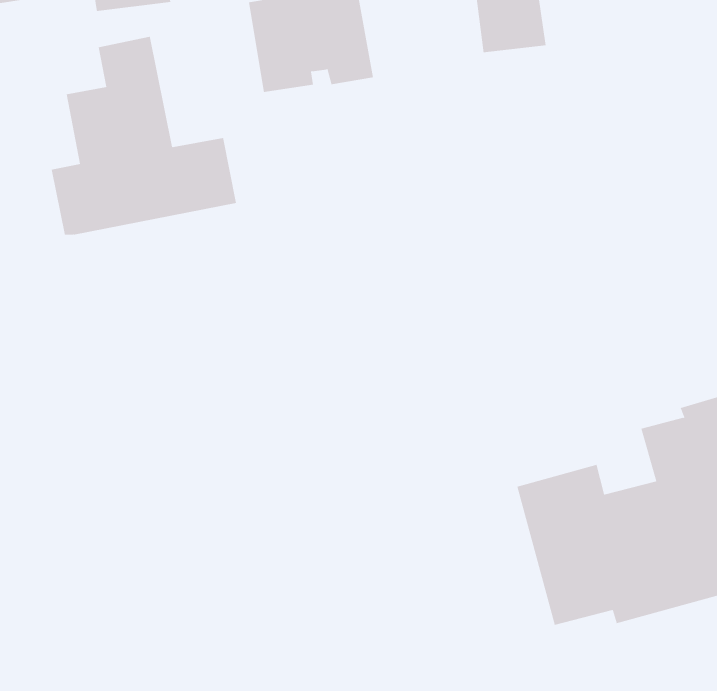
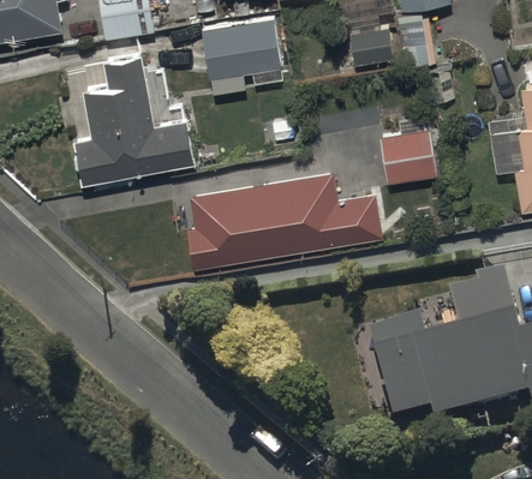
building: none -> [378,127,436,182]
building: none -> [187,173,382,268]

